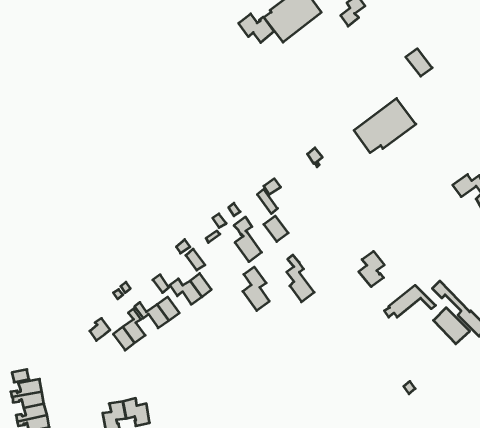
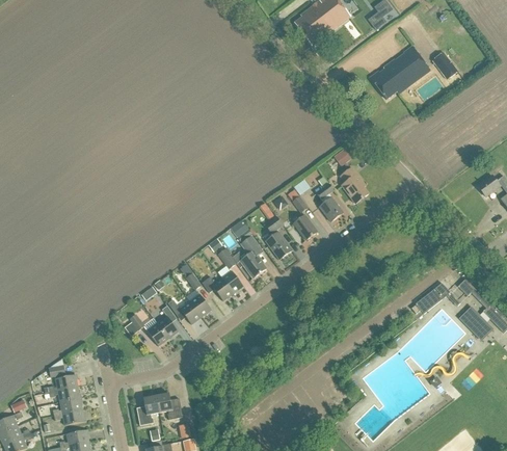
building: [239,14,274,43] -> none
building: [354,98,416,153] -> [371,46,431,99]
building: none -> [341,167,369,204]
building: [359,251,384,287] -> none
building: [287,255,314,302] -> [317,177,344,222]
building: [243,267,269,311] -> [240,236,266,278]

